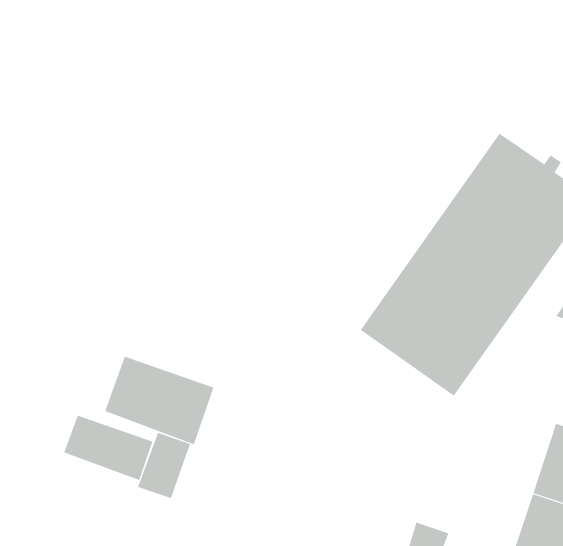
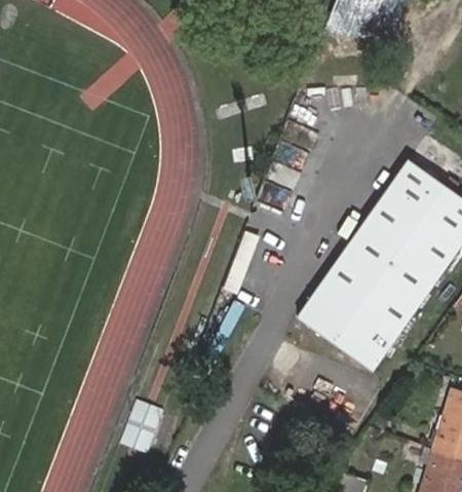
building: [104,356,214,445] -> none
building: [64,415,153,481] -> none

